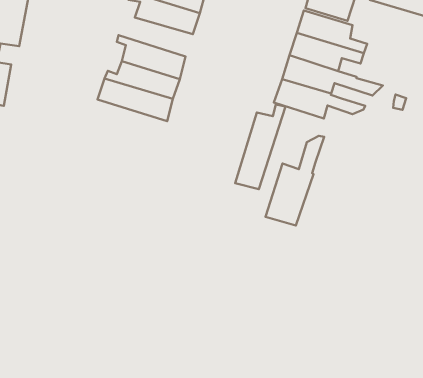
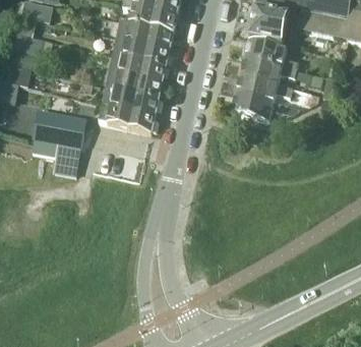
building: none -> [110,54,166,80]
building: none -> [33,112,84,172]
building: [235,104,285,189] -> none
building: [265,136,324,225] -> none

